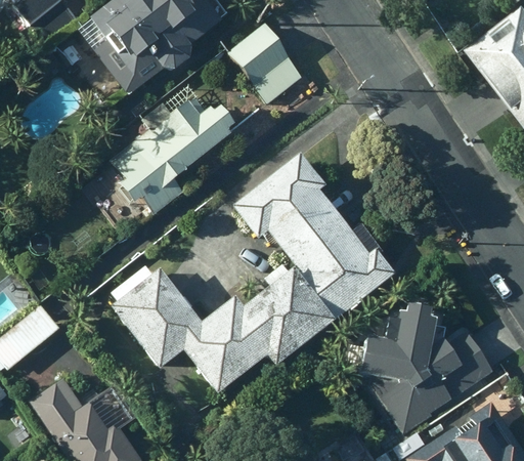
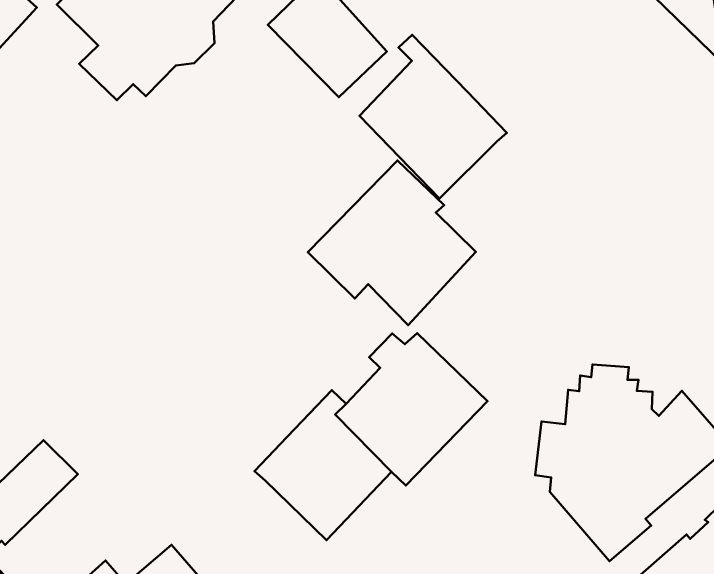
building: none -> [359,35,507,199]
building: [121,94,236,214] -> none
building: [292,218,396,318] -> none
building: [110,267,202,369] -> none

